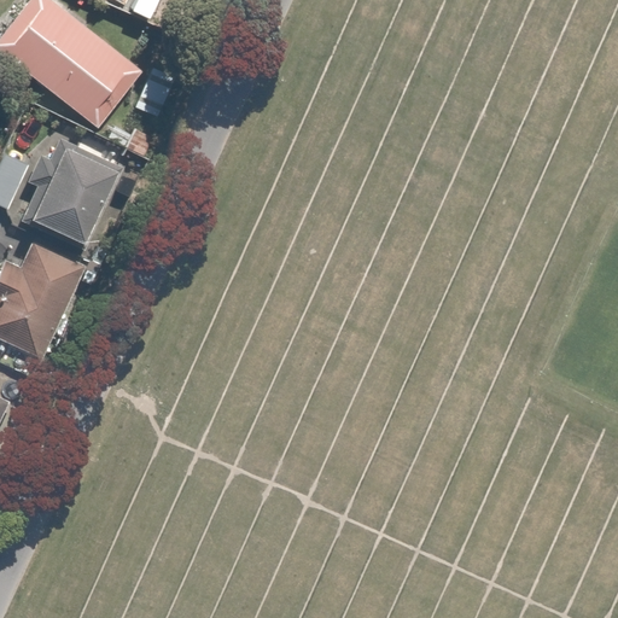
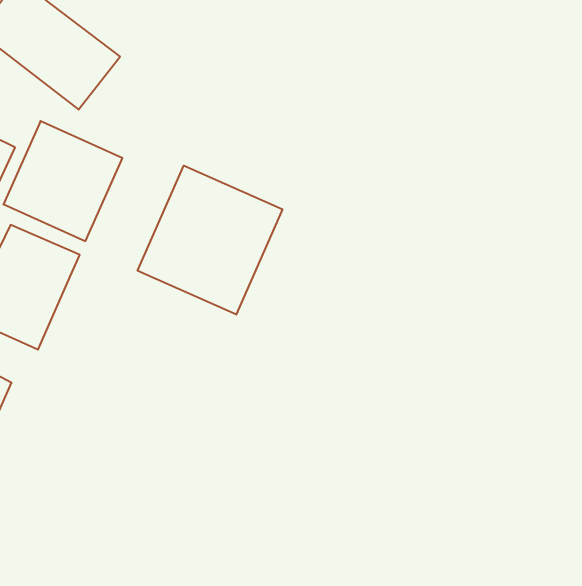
building: none -> [138,166,282,315]

